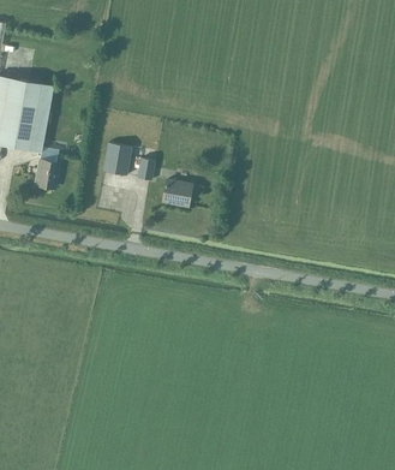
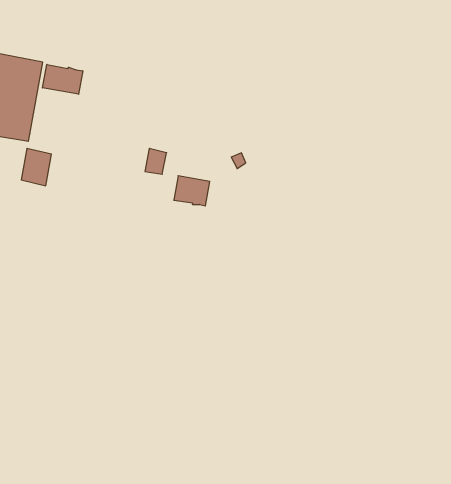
building: none -> [43,64,83,94]
building: [103,143,133,175] -> none

